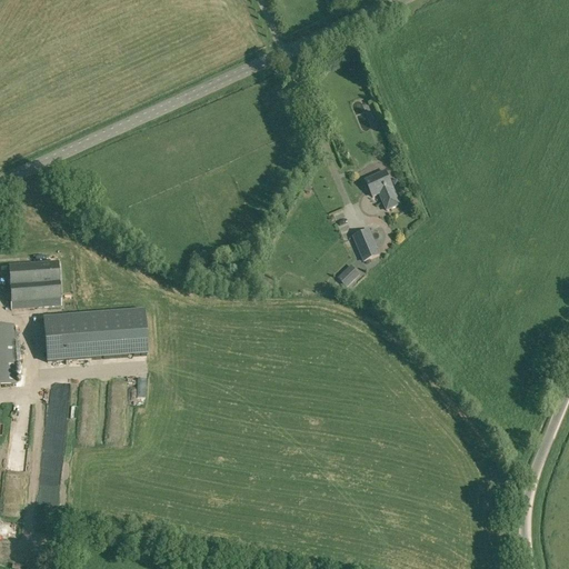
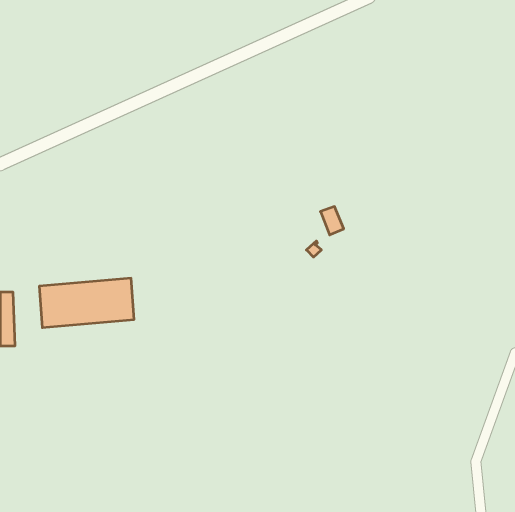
building: [366,169,400,208] -> none
building: [9,260,61,307] -> none

